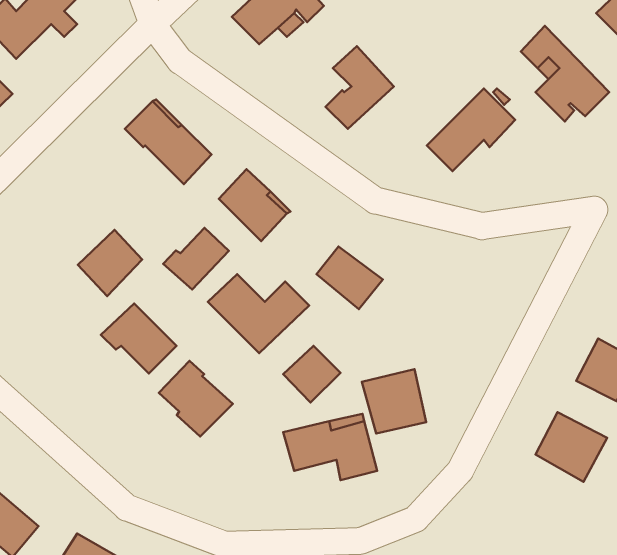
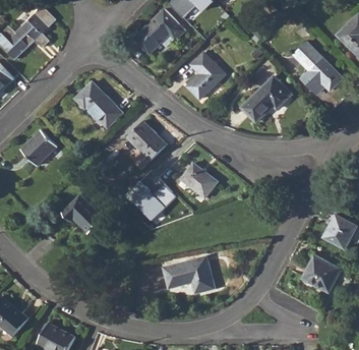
building: [163,228,229,290] -> none
building: [78,230,142,296] -> [20,129,56,166]
building: [283,346,340,403] -> none
building: [159,361,233,436] -> none
building: [362,369,426,434] -> none

